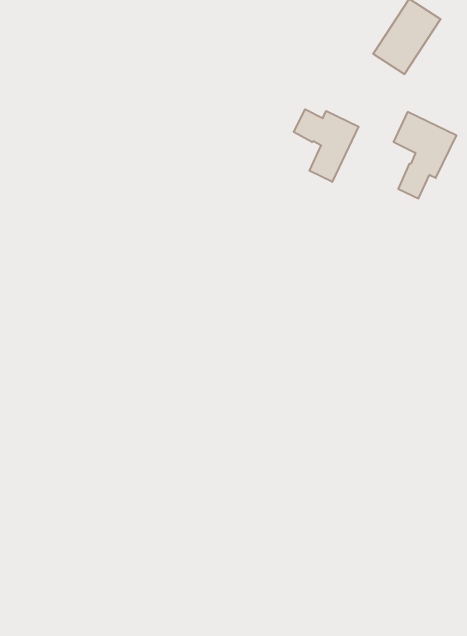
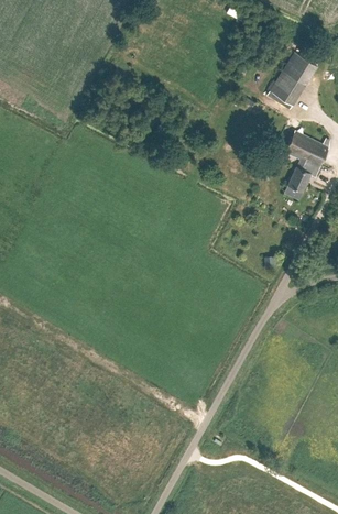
building: [294,109,359,182] -> none

